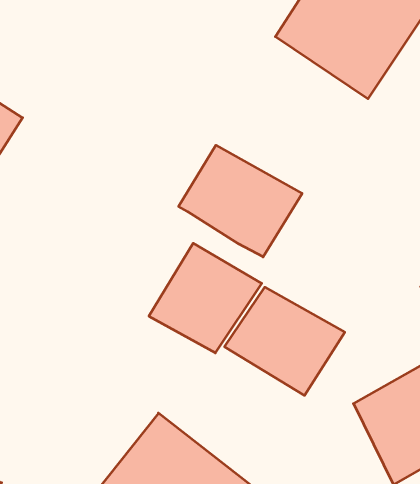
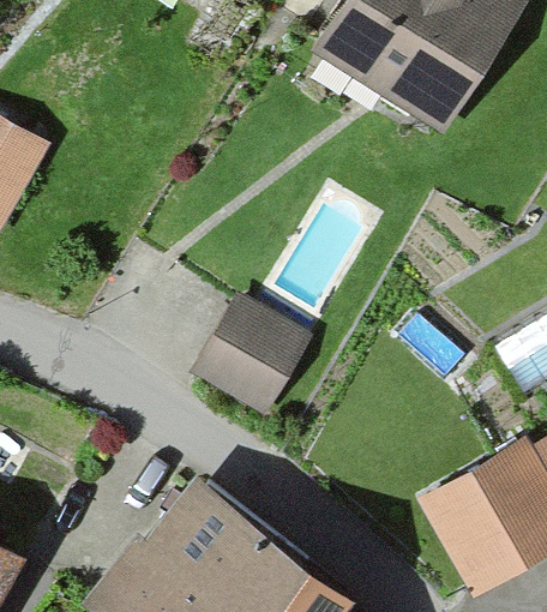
building: [179,145,302,257] -> none
building: [225,287,345,395] -> none

